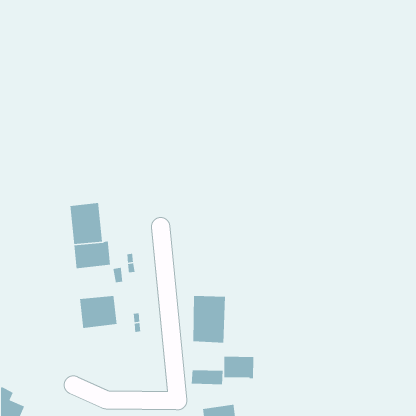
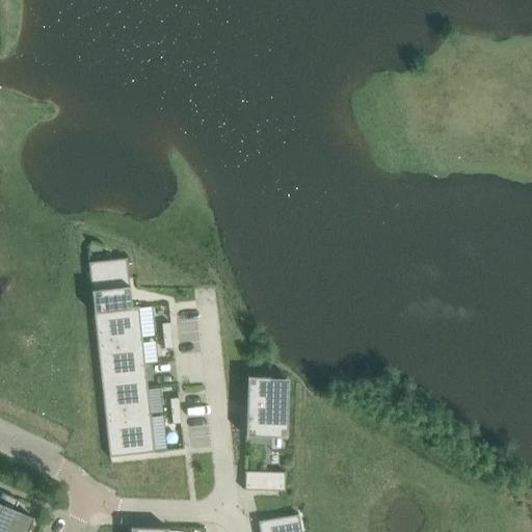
building: none -> [98,339,147,381]
building: none -> [106,415,155,458]
building: [223,356,254,379] -> none

